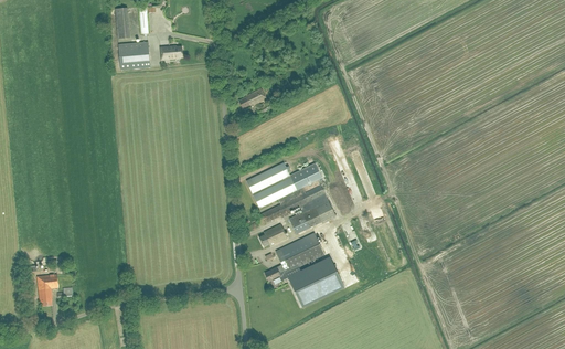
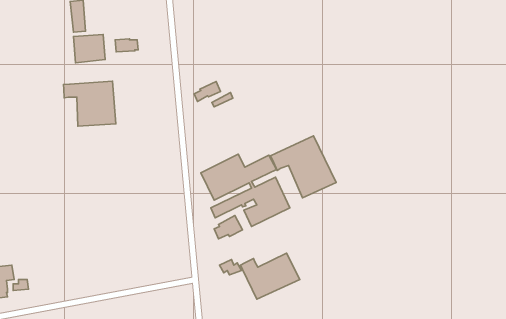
building: none -> [64,81,116,126]
building: none -> [271,136,336,198]
building: [276,231,324,272] -> none

